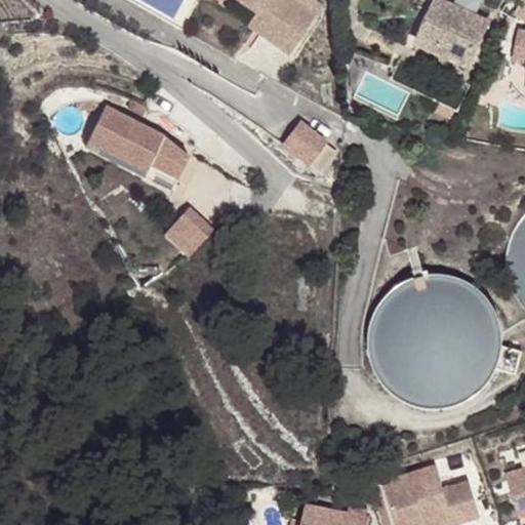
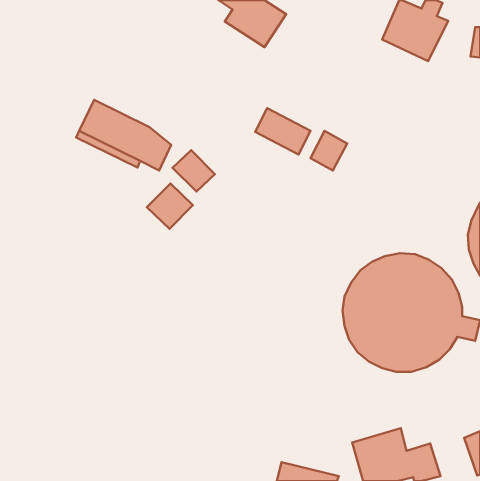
building: none -> [311,131,347,170]
building: none -> [173,150,215,192]

